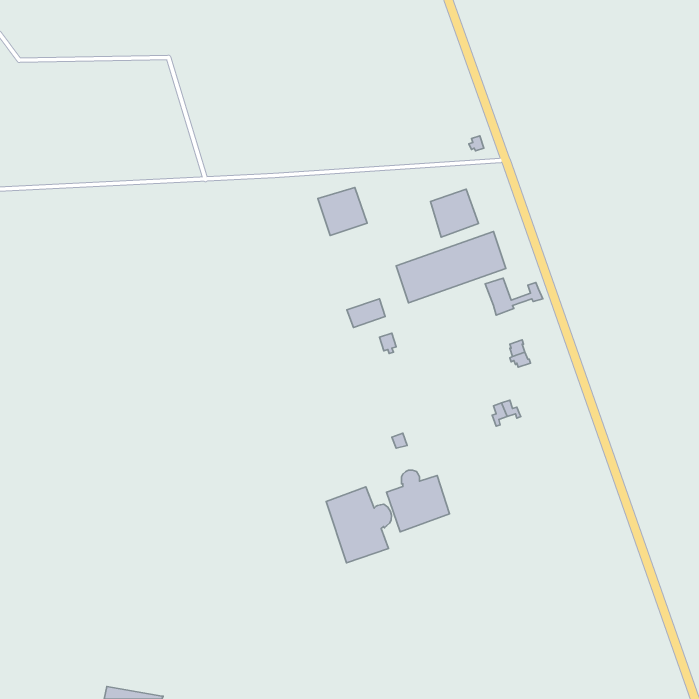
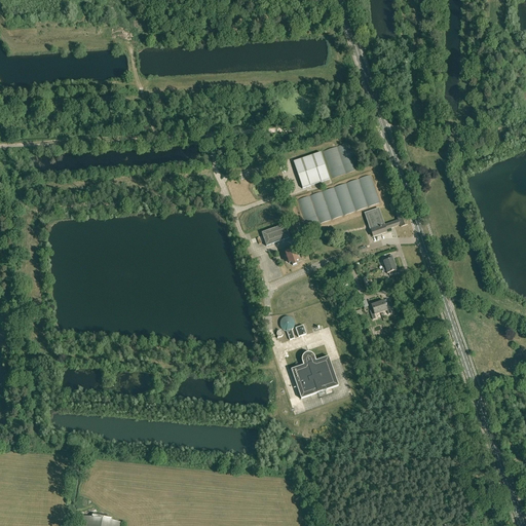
building: [318,188,367,236] -> [292,152,329,188]
building: [326,487,391,563] -> none

